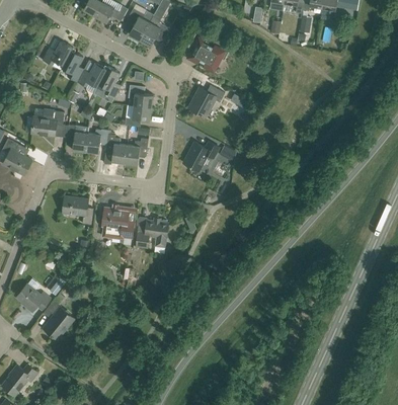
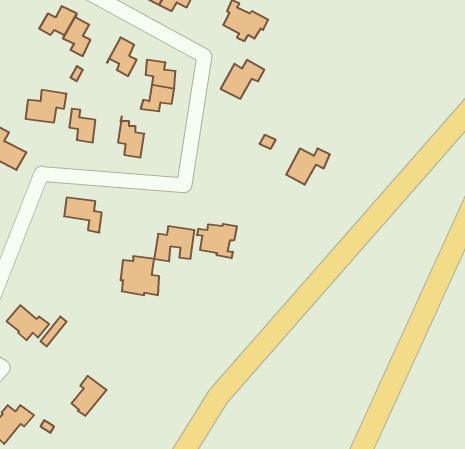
building: [77,63,107,87] -> none
building: [85,130,108,153] -> none
building: [124,139,147,165] -> none
building: [182,142,218,171] -> [286,148,330,185]
building: [101,207,133,238] -> [120,256,159,295]
building: none -> [197,224,237,258]
building: [46,307,74,339] -> [71,376,107,416]

